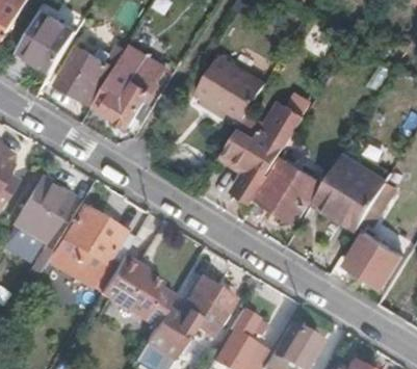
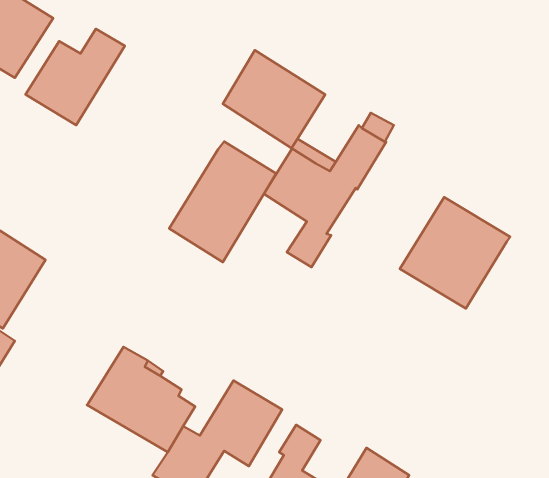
building: [93,45,165,127] -> [169,141,276,262]
building: [257,157,322,221] -> none
building: [343,183,402,287] -> none
building: [49,206,135,293] -> none

